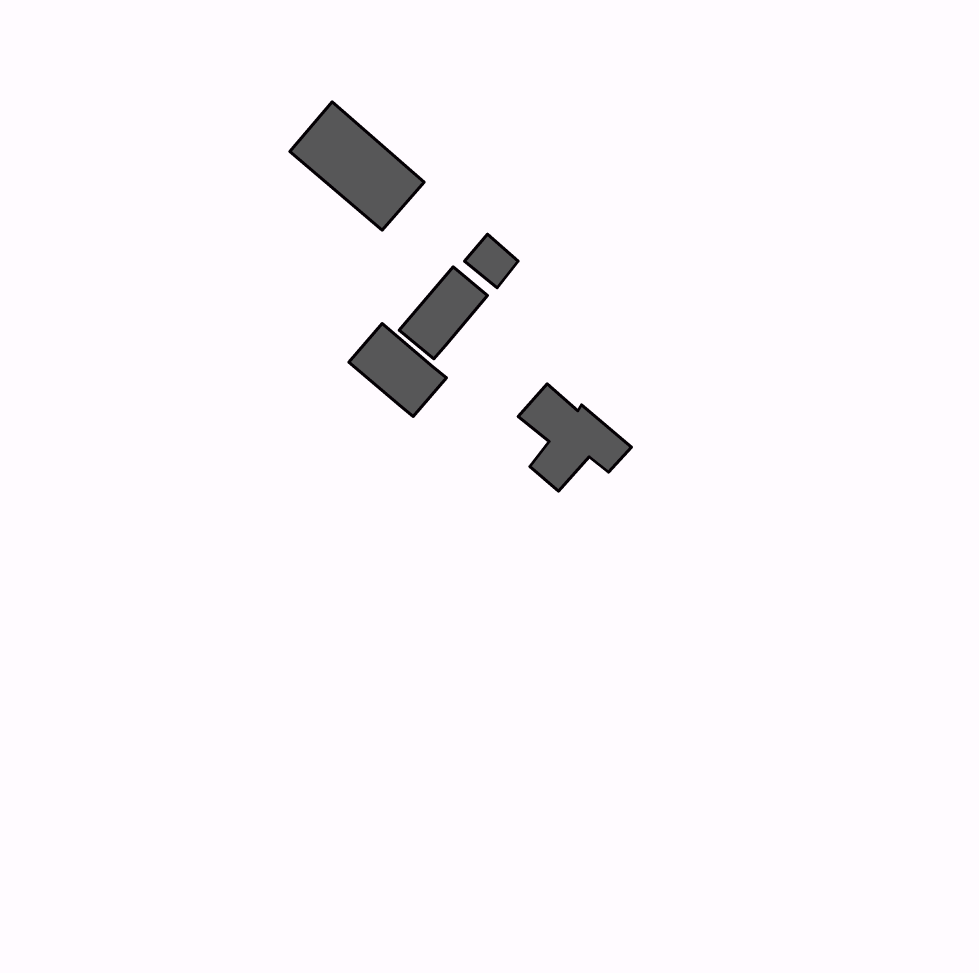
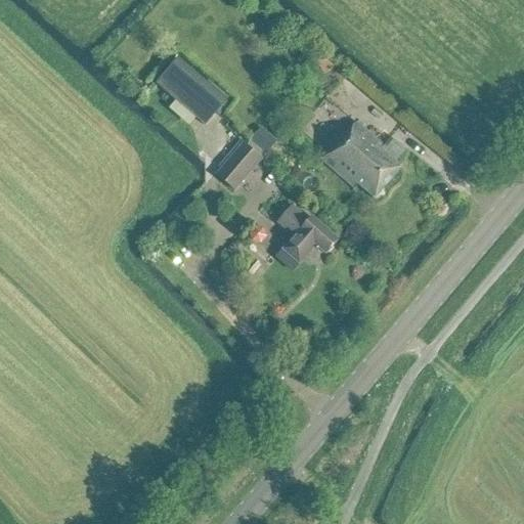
building: none -> [320,120,401,196]
building: [349,324,446,417] -> none

